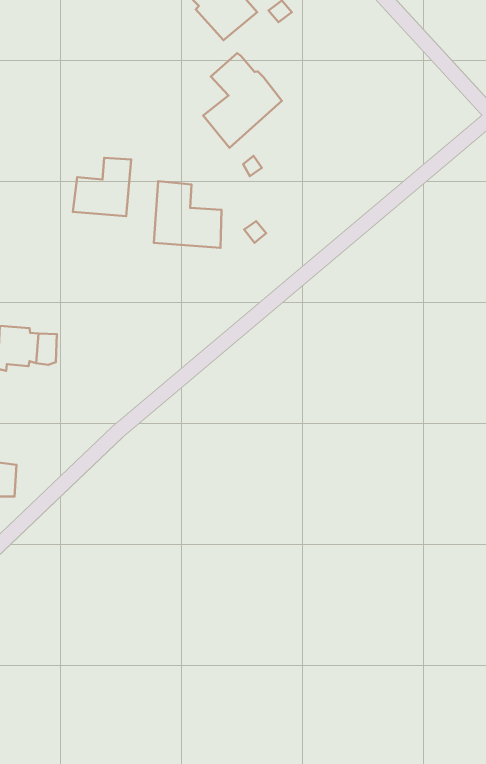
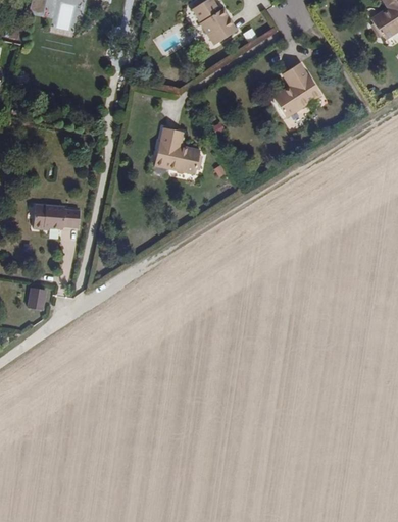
building: [203,53,282,148] -> [270,65,320,123]
building: [73,158,131,216] -> none

